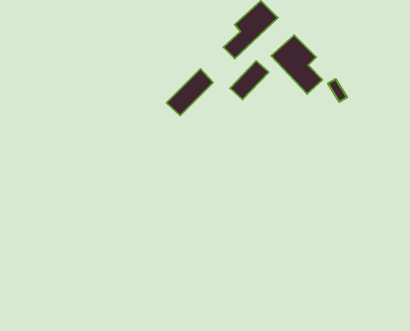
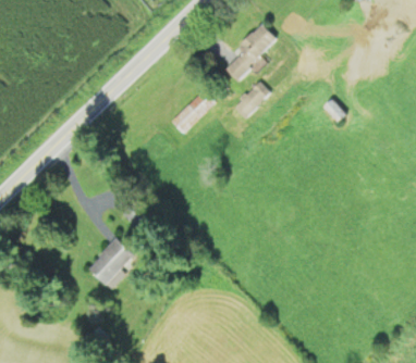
building: [271,35,322,94] -> none
building: none -> [89,238,137,289]

